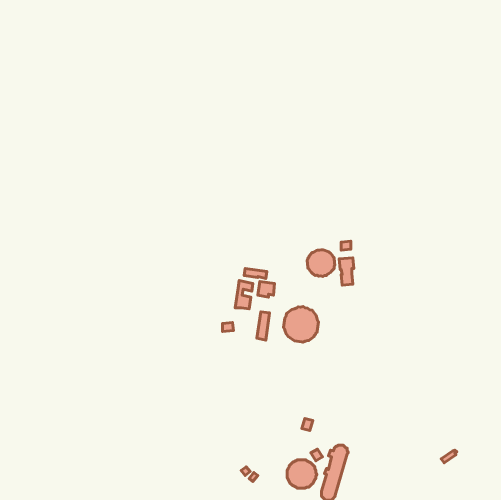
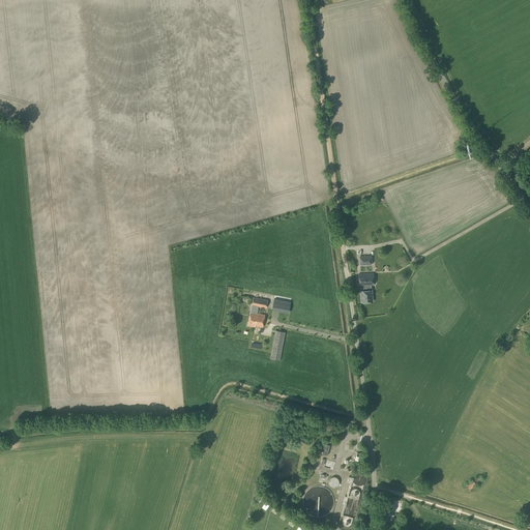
building: [307,250,335,277] -> none
building: [283,306,319,342] -> none

